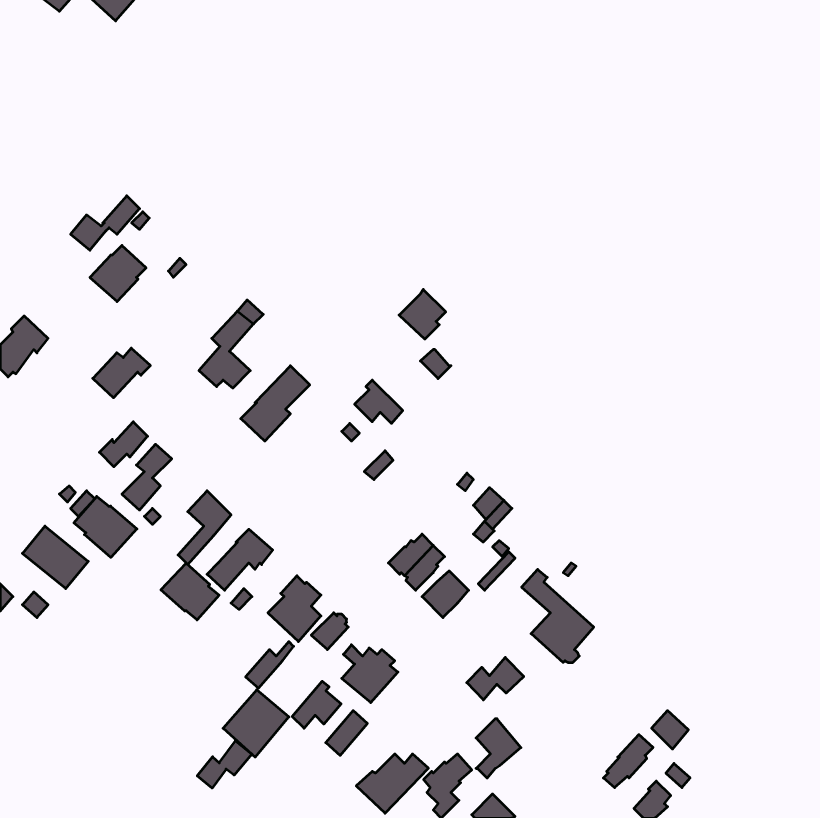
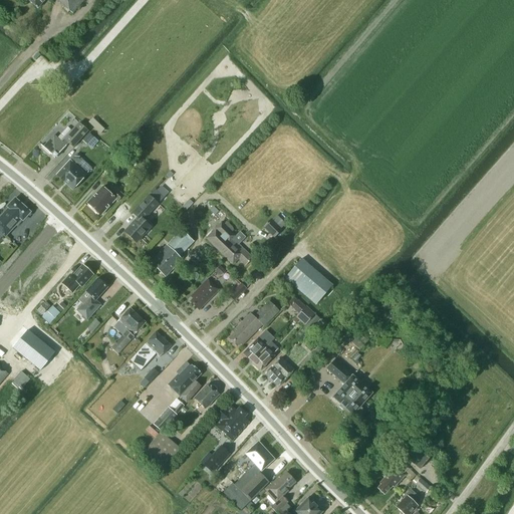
building: [399,289,446,339] -> [206,222,235,253]
building: [93,348,150,398] -> [87,184,123,215]
building: none -> [285,256,334,303]
building: none -> [190,279,218,307]
building: none -> [228,300,279,346]
building: [74,496,137,557] -> none
building: [161,563,219,620] -> none
building: [467,657,524,700] -> none
building: [292,681,341,728] -> none
building: [476,719,521,778] -> [246,441,274,478]
building: [197,741,252,788] -> none

